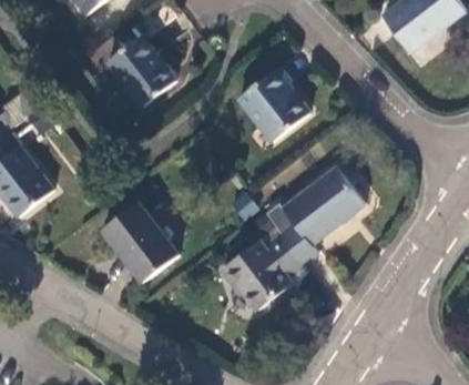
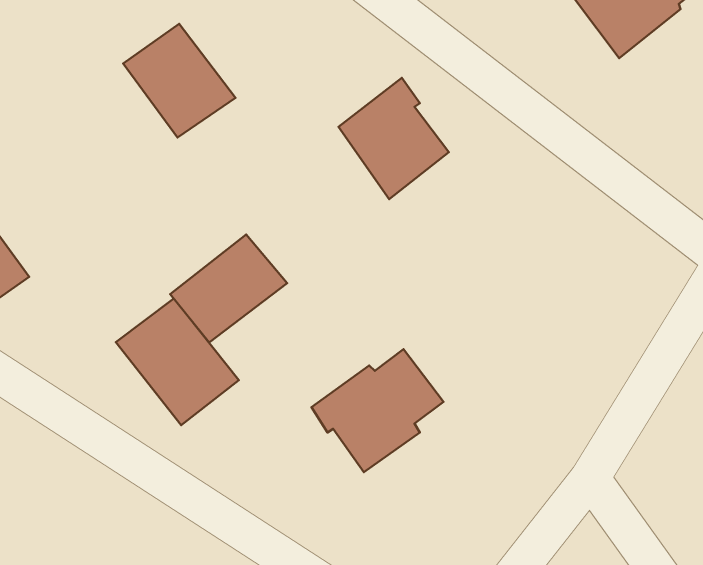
building: none -> [170,235,287,342]
building: [278,171,361,266] -> none

